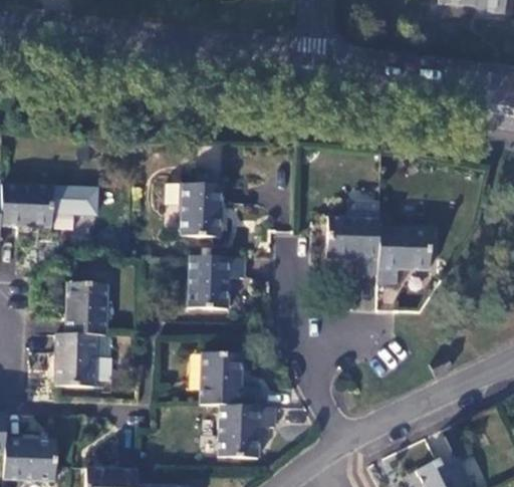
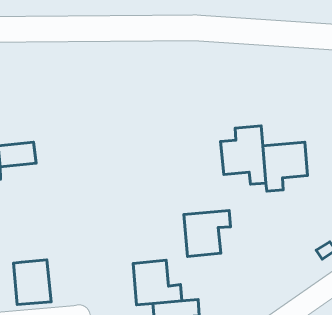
building: [181,184,223,237] -> none
building: [188,256,246,309] -> [184,211,230,257]
building: [65,282,108,335] -> none

